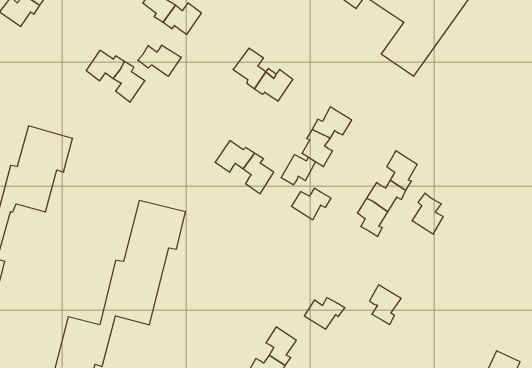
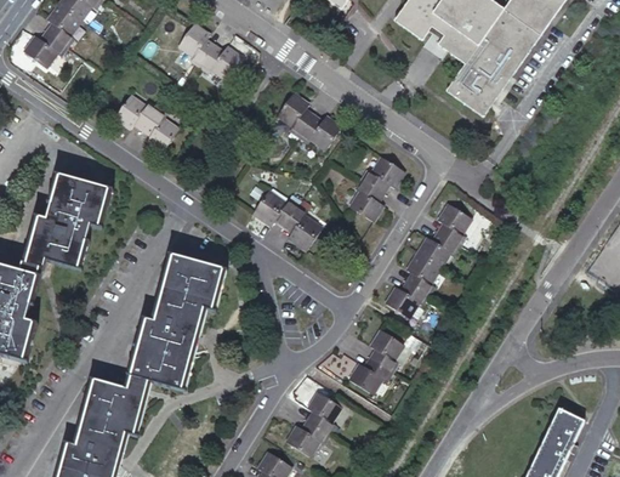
building: [138,45,181,76] -> none
building: [281,155,316,185] -> none
building: [291,188,331,220] -> [387,284,430,318]
building: [412,193,443,234] -> none
building: [370,285,401,324] -> [372,329,406,371]

